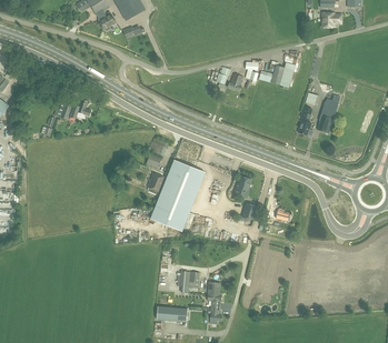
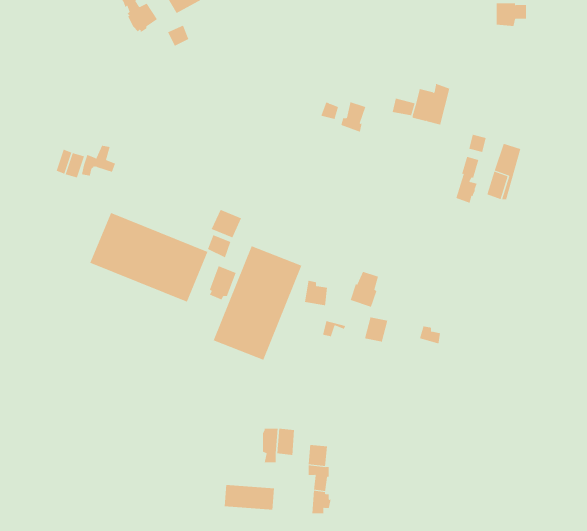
building: none -> [90,212,208,302]

